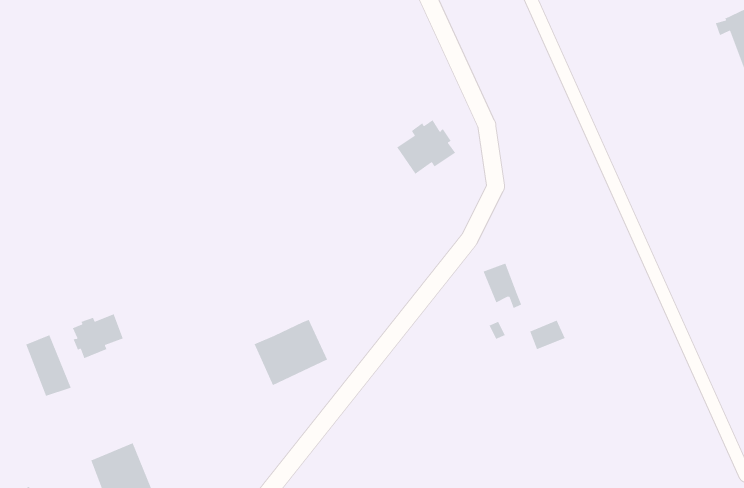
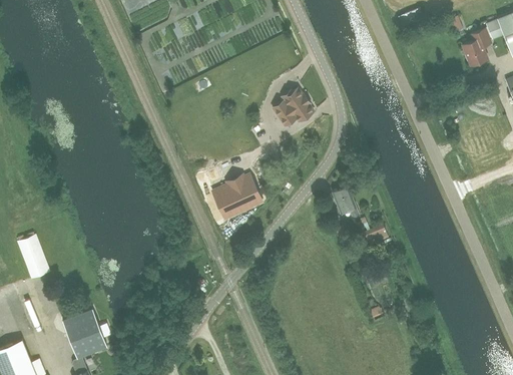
building: none -> [462,28,490,65]
building: [72,313,124,359] -> none
building: [253,319,328,386] -> [211,173,263,220]

